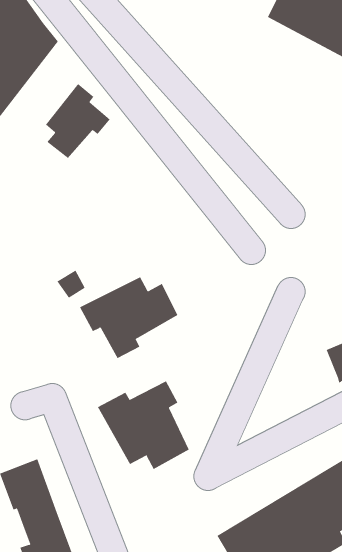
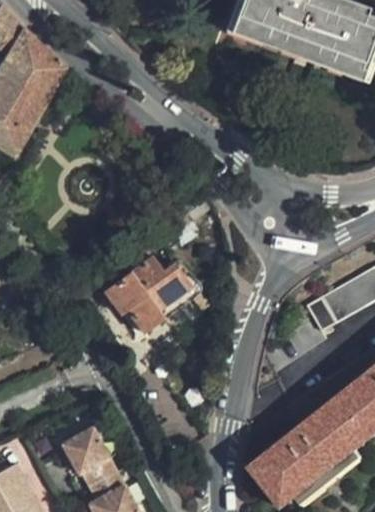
building: [45,83,110,159] -> none
building: [97,381,190,470] -> none

